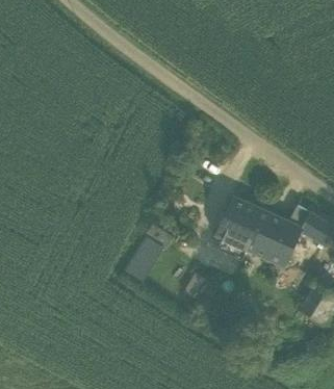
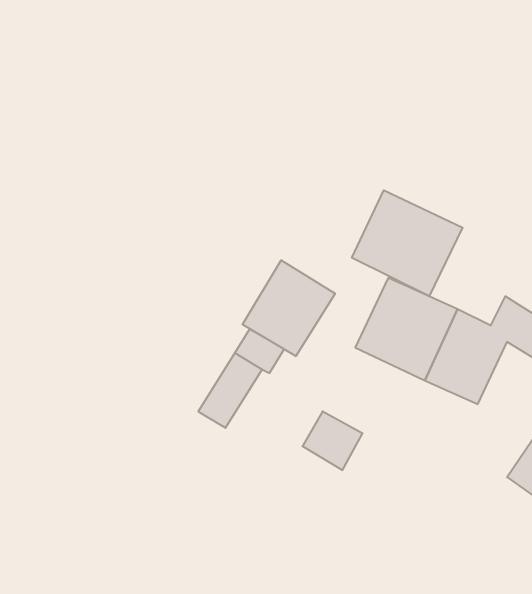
building: none -> [352,190,463,296]
building: none -> [243,260,335,356]

